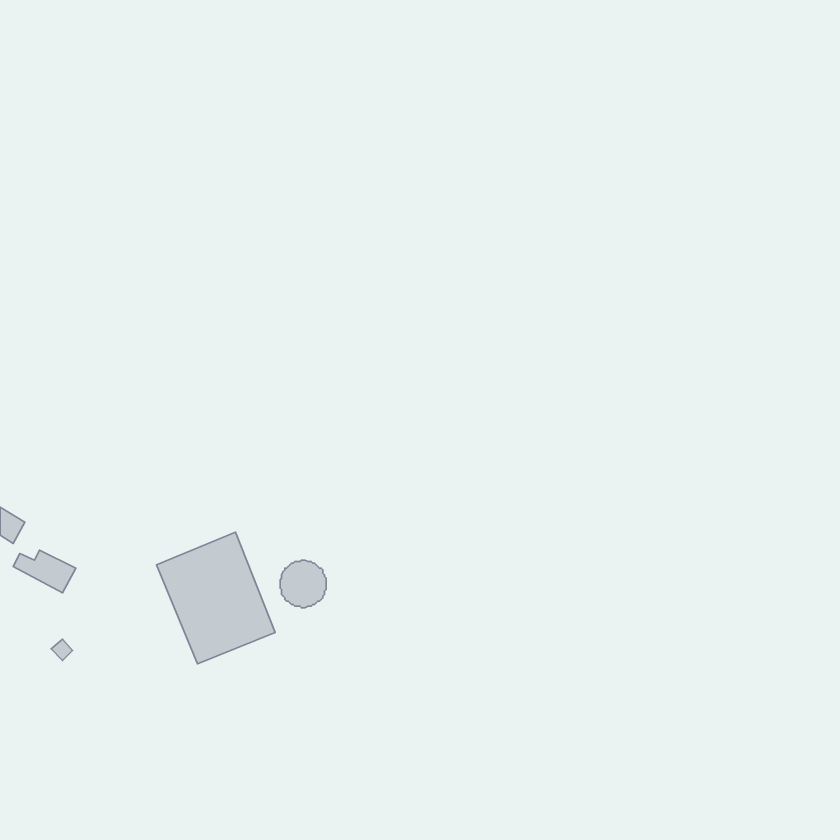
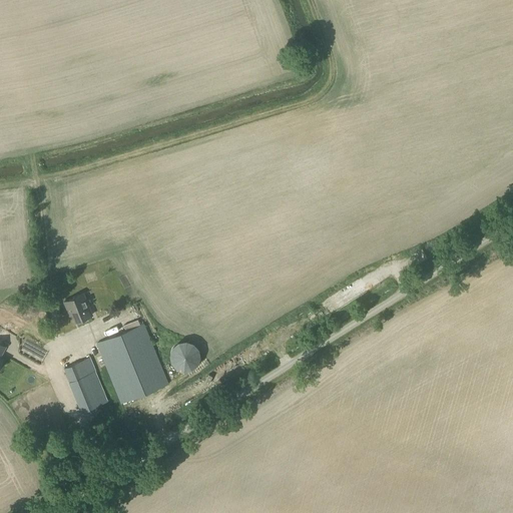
building: none -> [63,294,93,324]
building: none -> [64,358,109,415]

